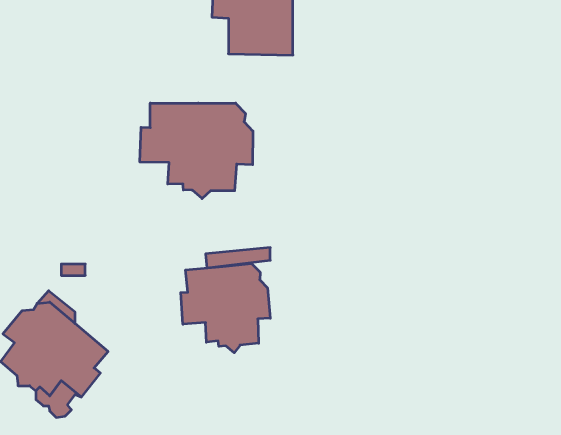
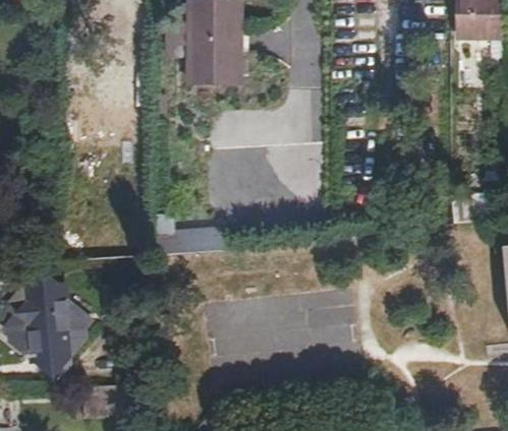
building: [140,103,253,199] -> none
building: [181,263,270,353] -> none

